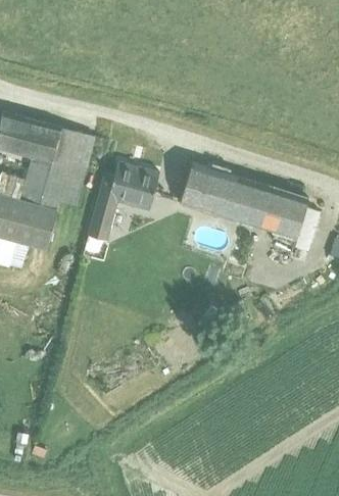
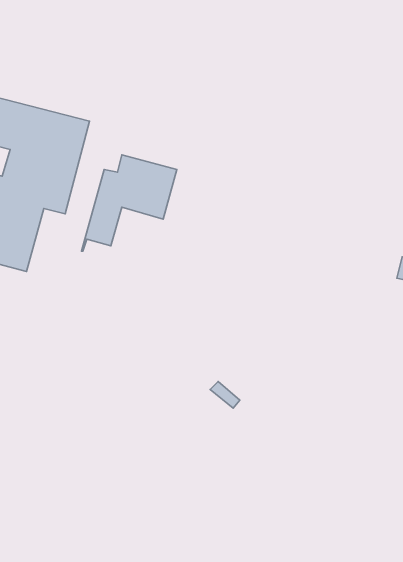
building: [181,165,309,240] -> none

